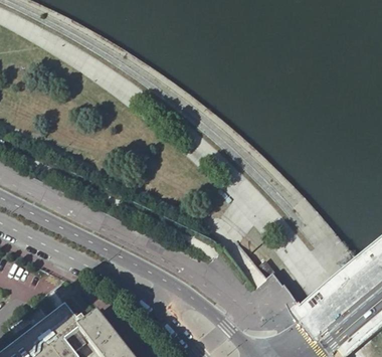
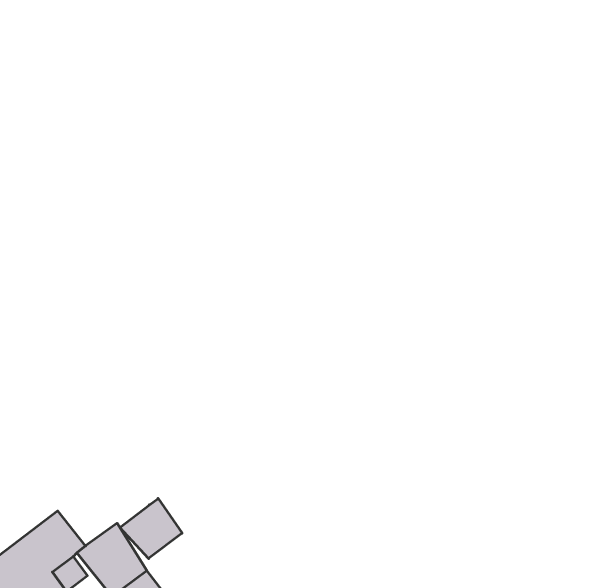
building: none -> [120,498,182,559]

